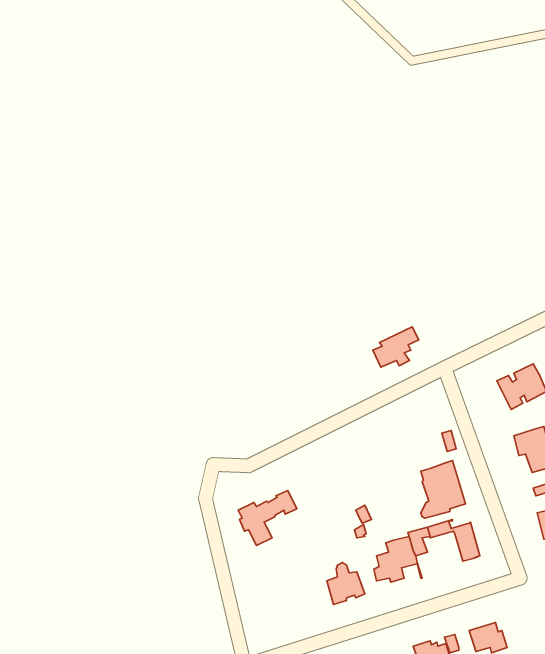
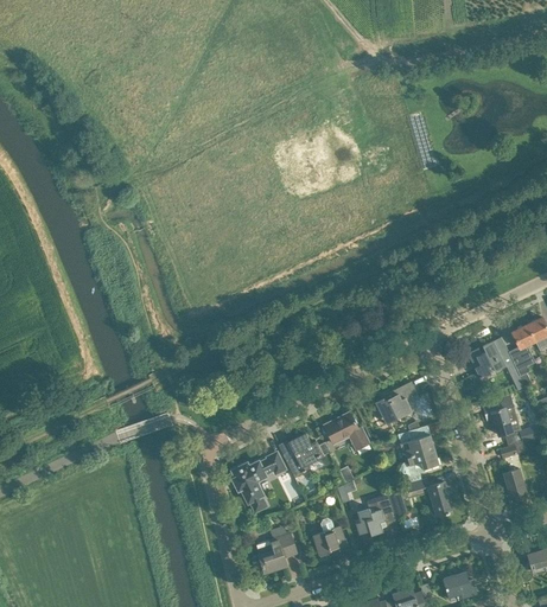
building: [373,327,419,367] -> [376,382,418,418]
building: none -> [324,413,368,447]
building: none -> [286,434,330,477]
building: none -> [257,533,295,574]

